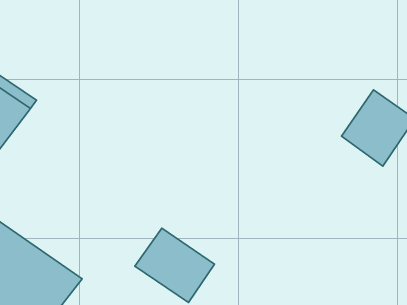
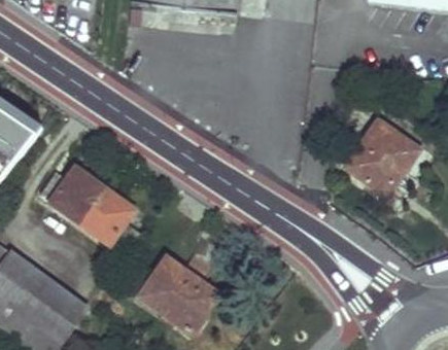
building: none -> [38,163,139,246]

